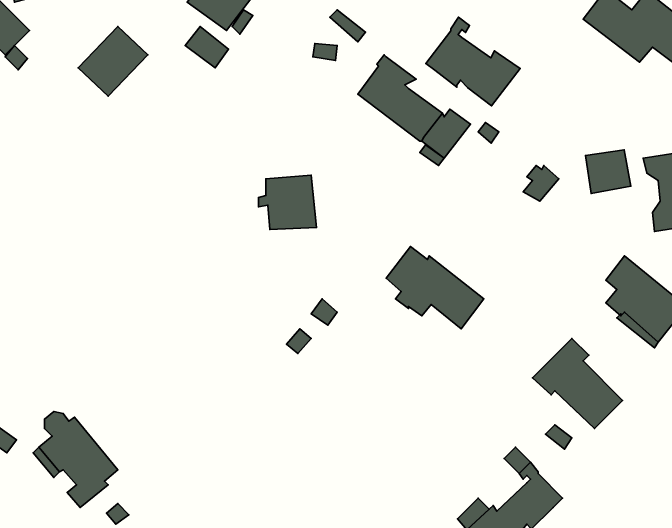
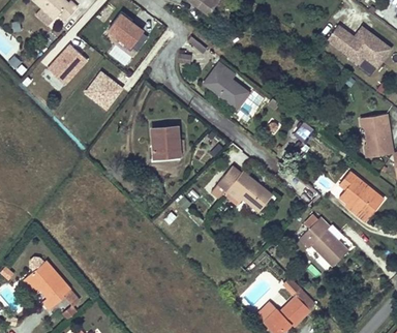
building: [426,17,520,106] -> none
building: none -> [86,71,123,109]
building: [585,150,631,193] -> none

